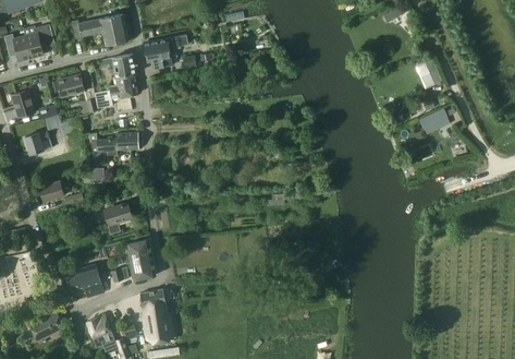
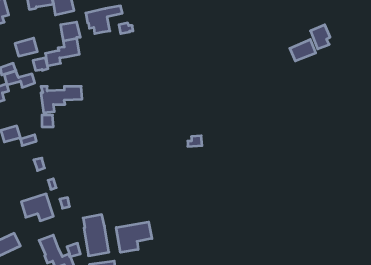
building: [420,107,452,133] -> [290,39,316,61]
building: [105,203,132,234] -> none
building: [126,239,156,280] -> none
building: none -> [116,222,152,252]

